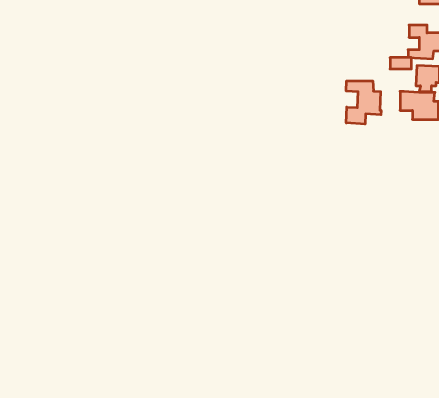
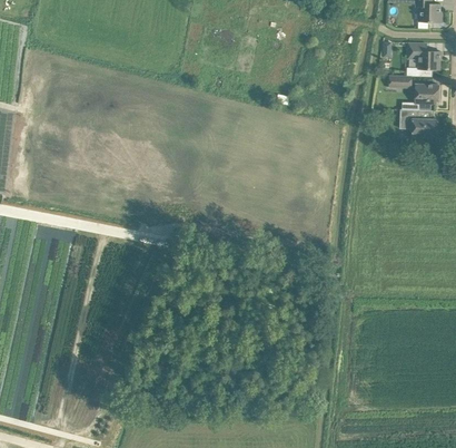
building: [346,81,381,124] -> none

